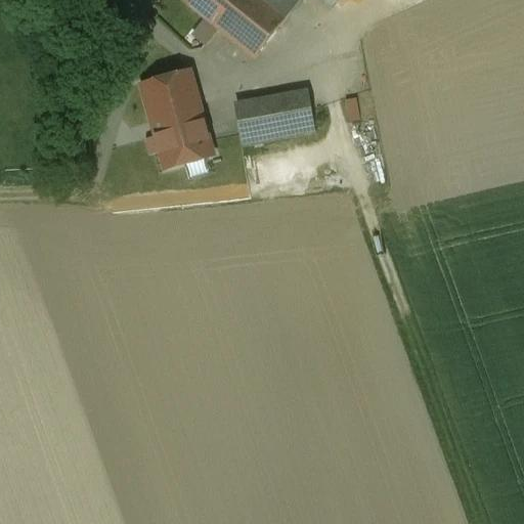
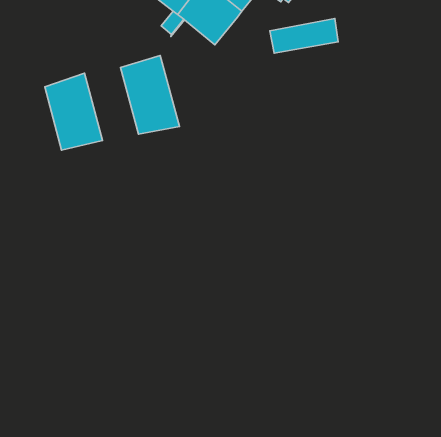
building: none -> [45,73,102,150]
building: [233,98,314,139] -> [270,19,338,53]

